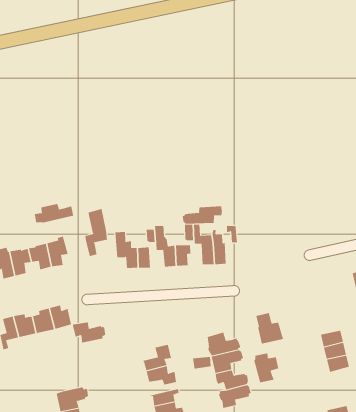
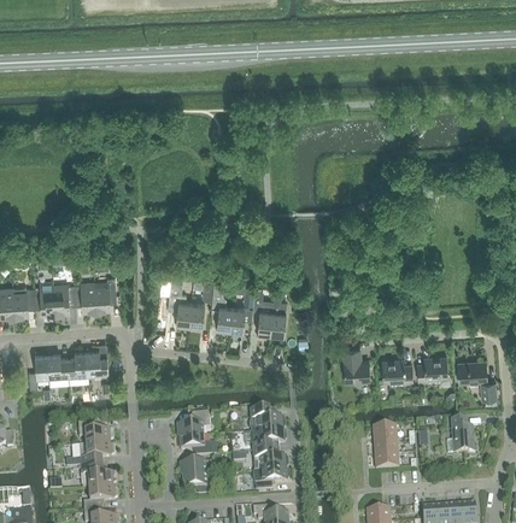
building: [34,203,74,224] -> none
building: [182,206,222,224] -> none
building: [85,208,107,257] -> none
building: none -> [381,359,414,386]
building: [255,312,284,344] -> [344,348,370,381]
building: [72,322,106,343] -> [78,422,113,443]
building: [254,352,279,383] -> none

